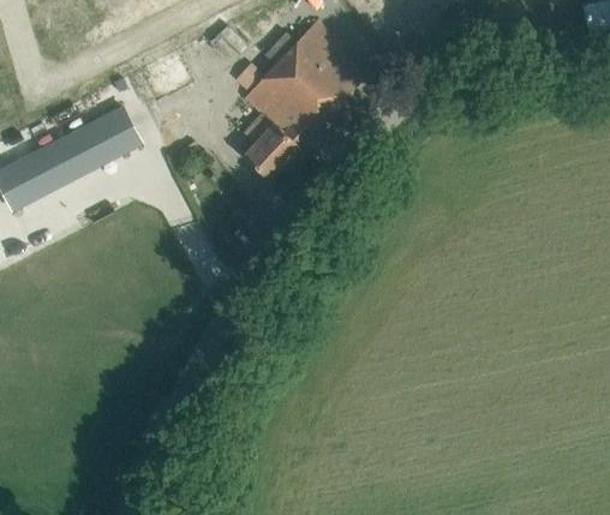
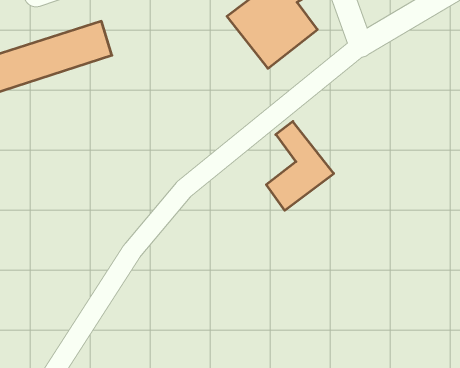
building: [243,79,316,180] -> [266,121,334,210]

